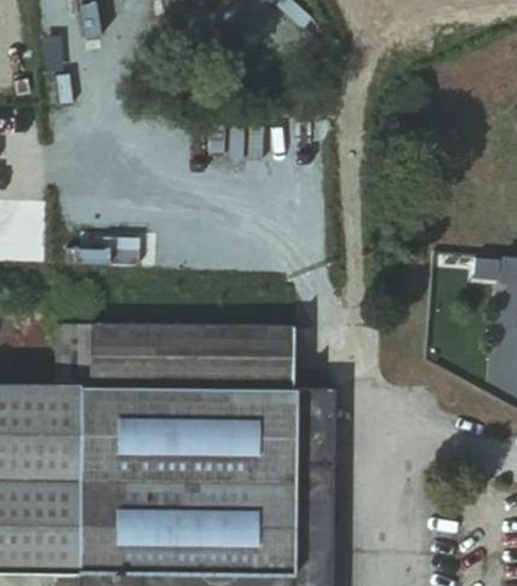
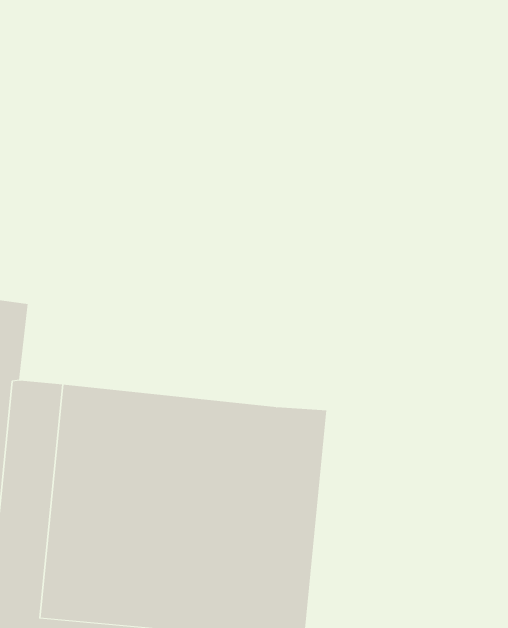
building: [88,327,292,390] -> none

